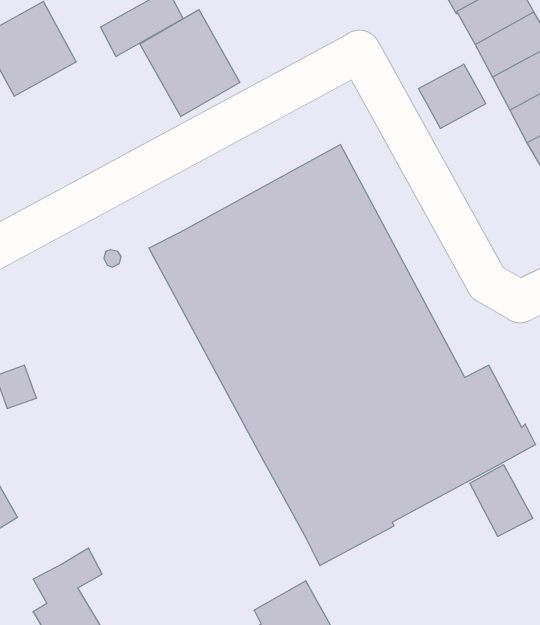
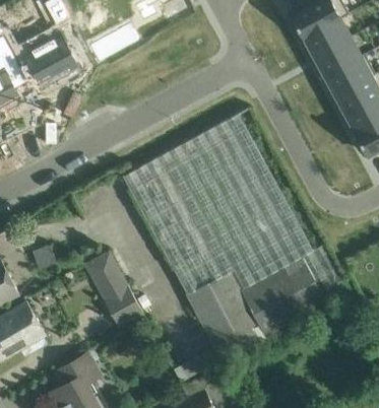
building: [140,10,240,117] -> none
building: [418,64,486,128] -> none
building: none -> [83,250,144,328]
building: [470,465,533,536] -> none

